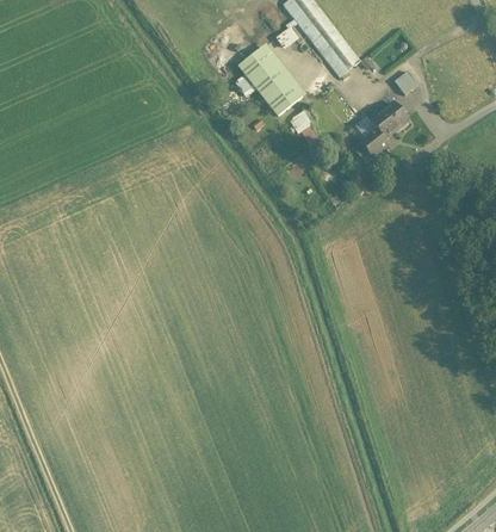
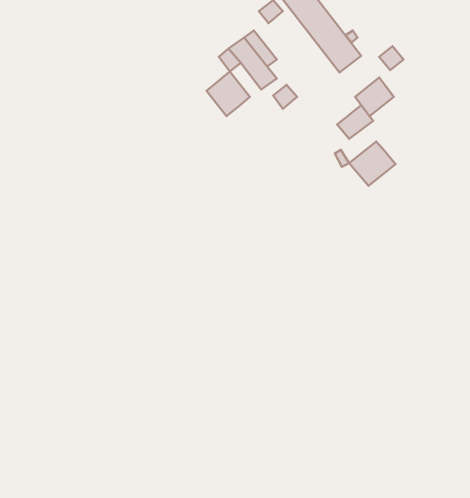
building: none -> [207,71,250,116]
building: none -> [349,141,396,186]

